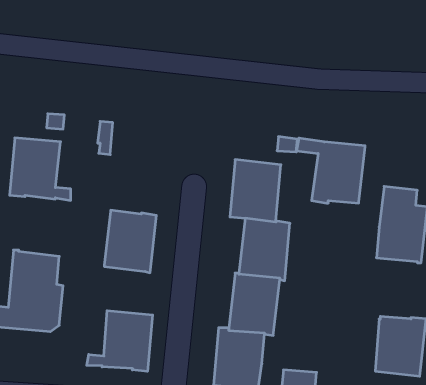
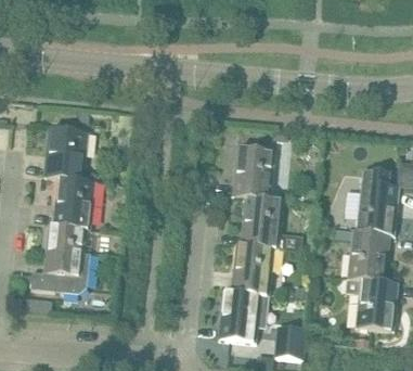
building: [296,138,365,203] -> [332,226,390,281]
building: [104,210,156,273] -> [51,176,95,229]
building: [87,311,153,371] -> none

